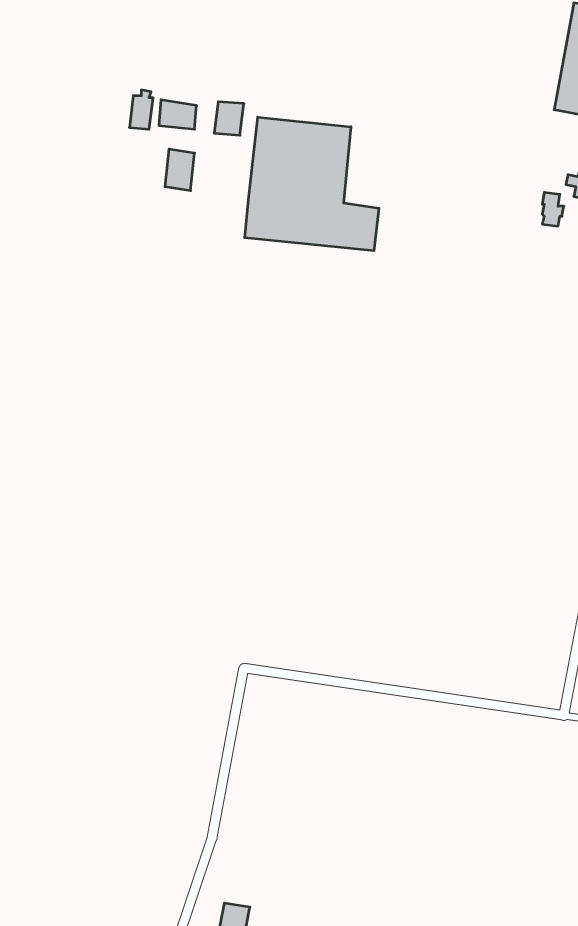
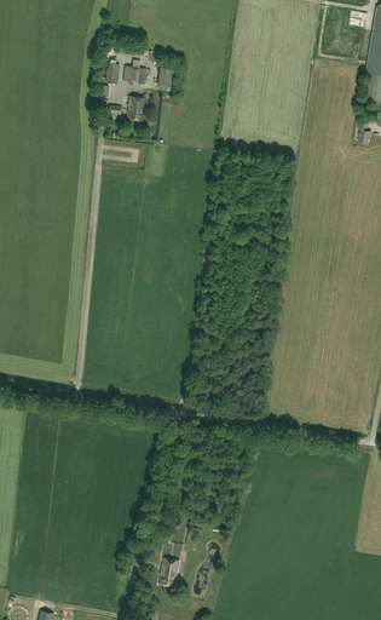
building: [245,117,379,251] -> none

